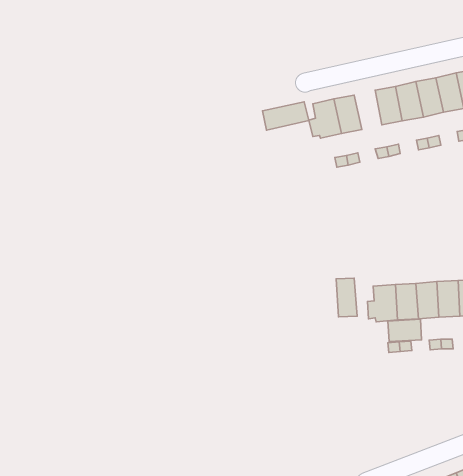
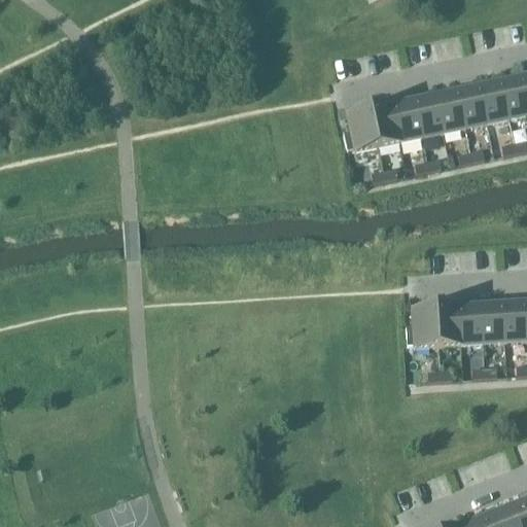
building: none -> [394,97,424,139]
building: [262,102,309,130] -> none
building: [336,278,357,317] -> none
building: [388,319,422,341] -> none

